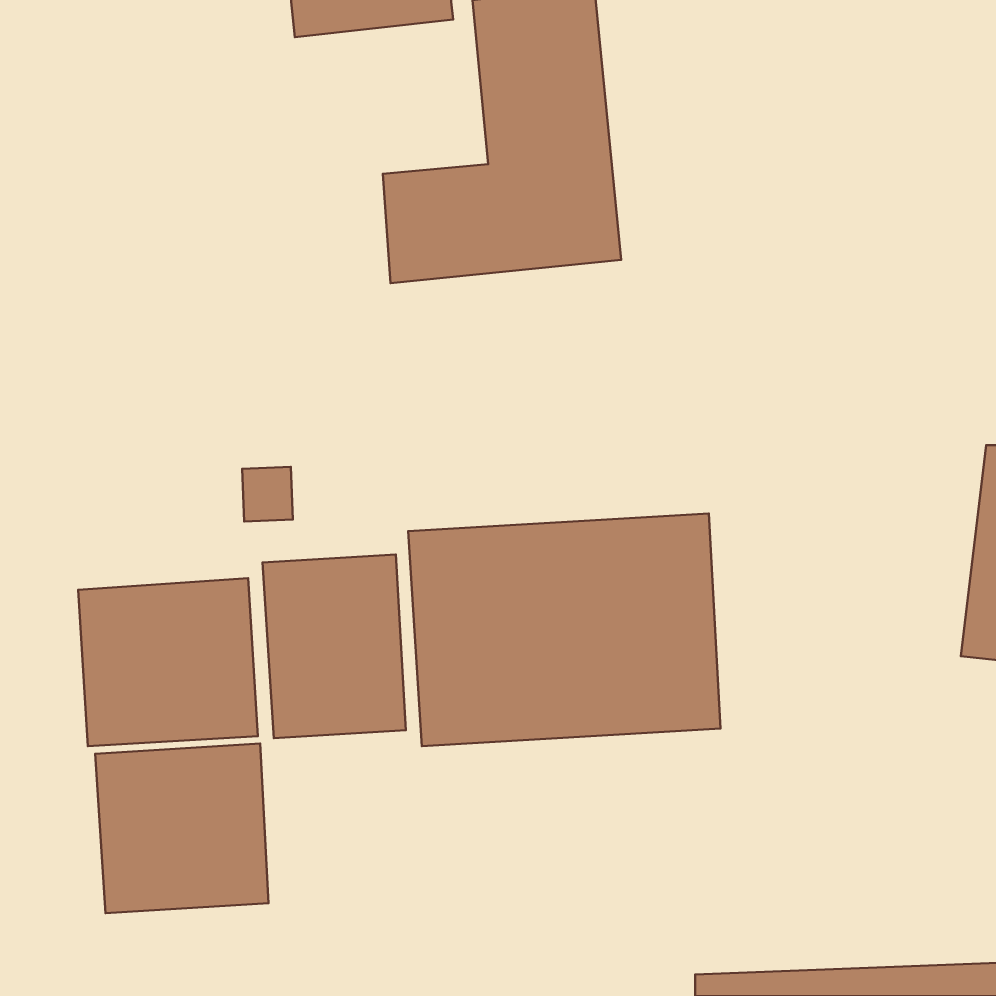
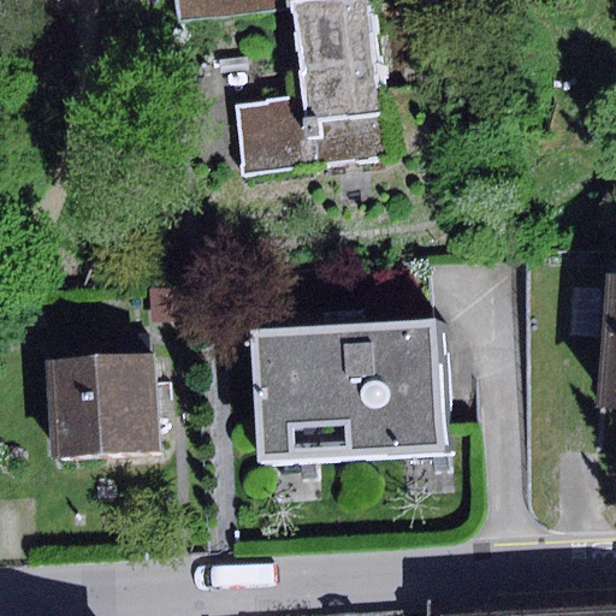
building: [262,554,406,738] -> none
building: [95,744,269,913] -> none

